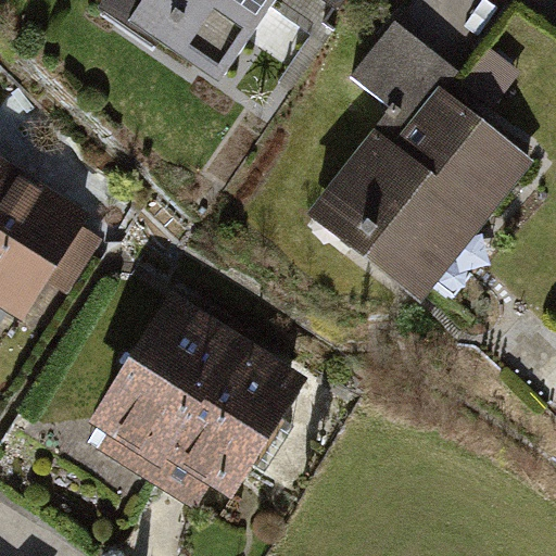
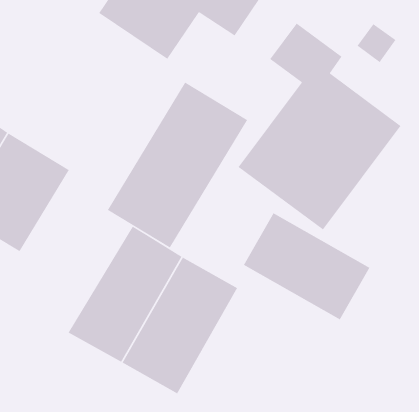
building: none -> [107,81,248,249]
building: none -> [243,212,370,321]

